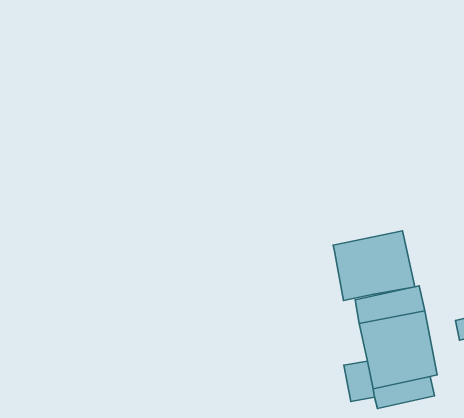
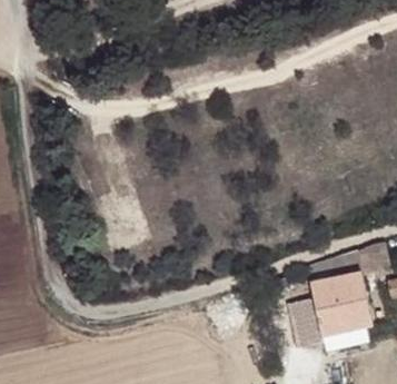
building: [333,231,415,300] -> none

